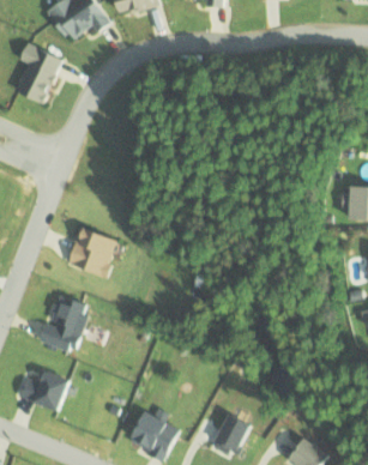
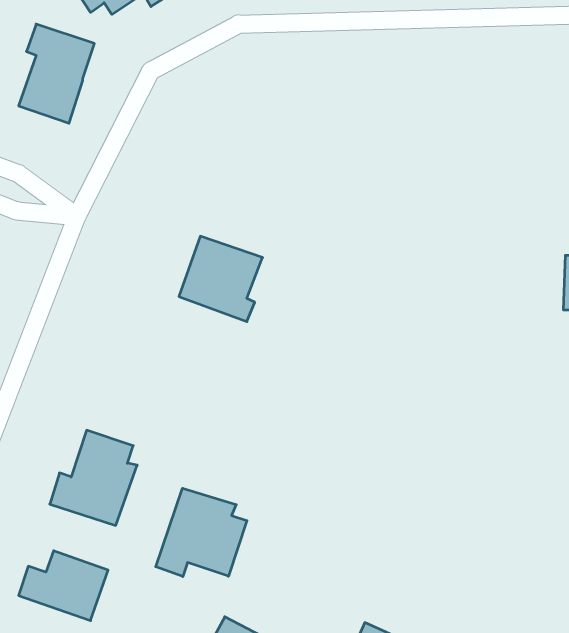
building: [65,224,116,277] -> [179,236,263,322]
building: none -> [156,488,247,577]

